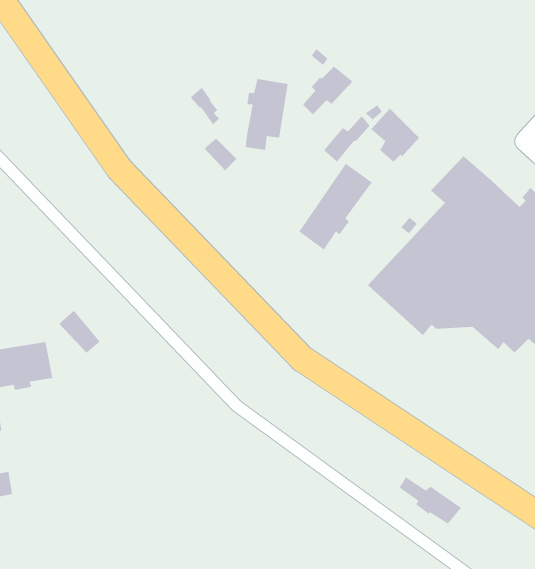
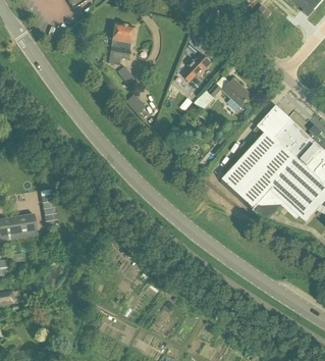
building: [245,79,289,151] -> [108,22,133,64]
building: [298,163,372,250] -> none
building: [399,477,462,525] -> none

